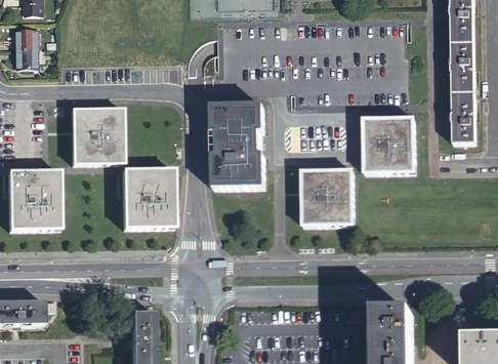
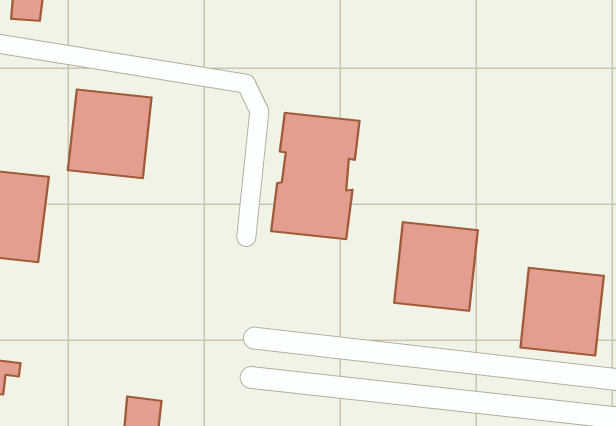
building: [362,116,414,171] -> [520,268,604,355]
building: [120,167,172,227] -> none

